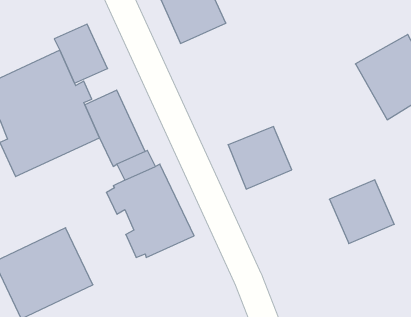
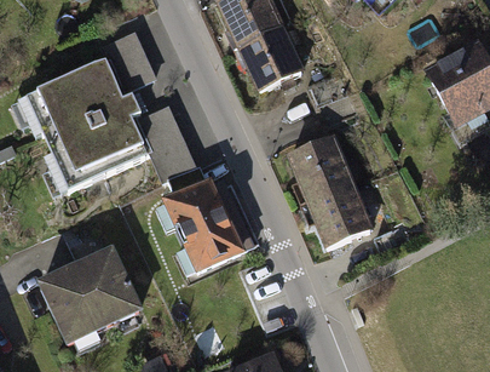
building: none -> [235,27,305,95]
building: [329,180,394,244] -> [305,183,374,251]

